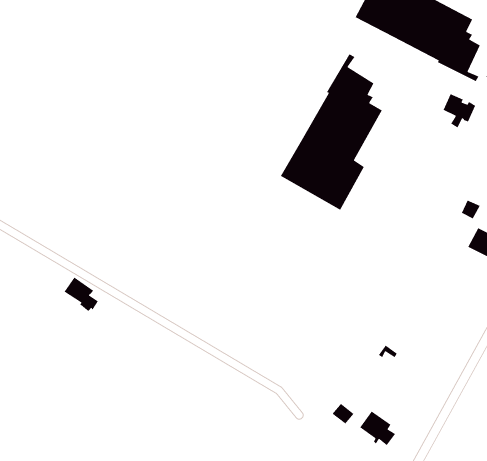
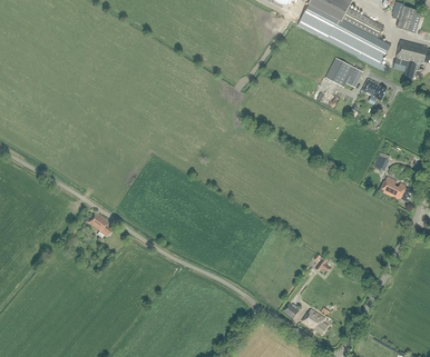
building: [280,53,383,211] -> none
building: none -> [325,58,362,88]

